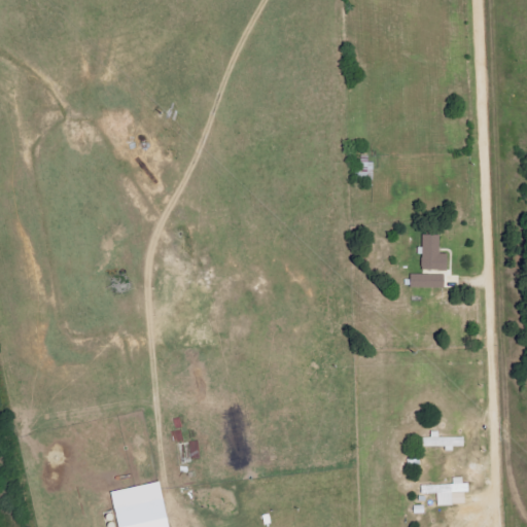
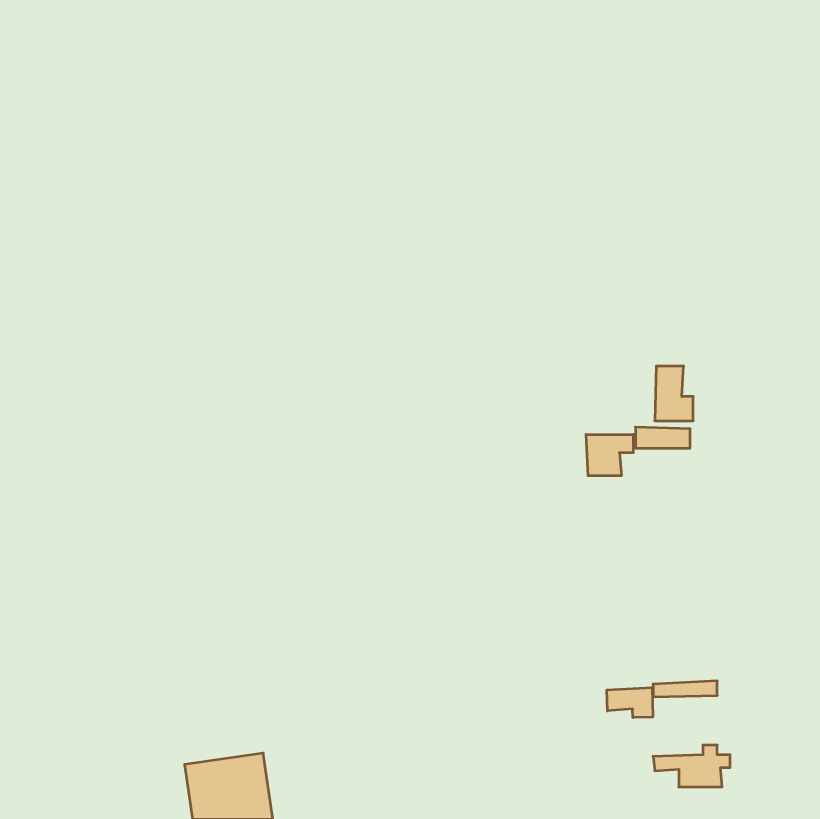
building: none -> [586,434,633,476]
building: none -> [607,687,653,718]

